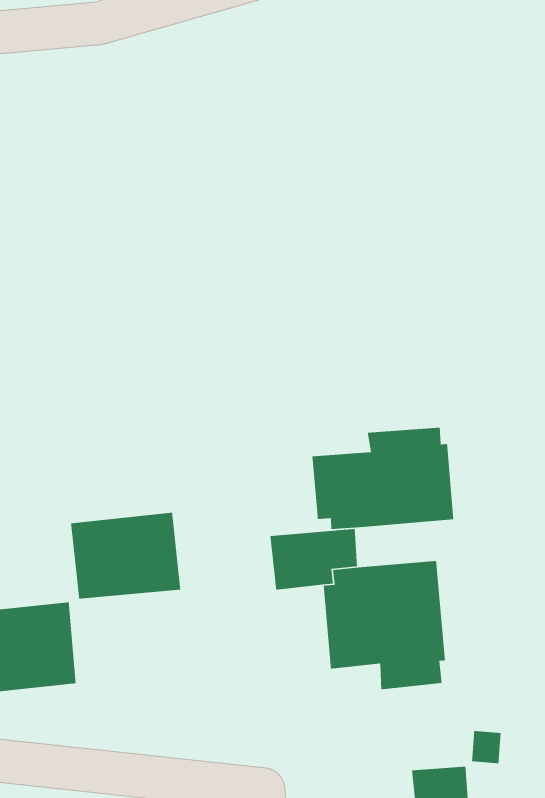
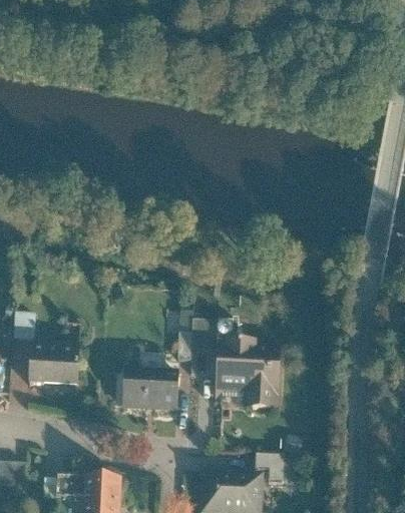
building: [312,427,454,530] -> none
building: [70,512,181,599] -> [122,368,178,411]

